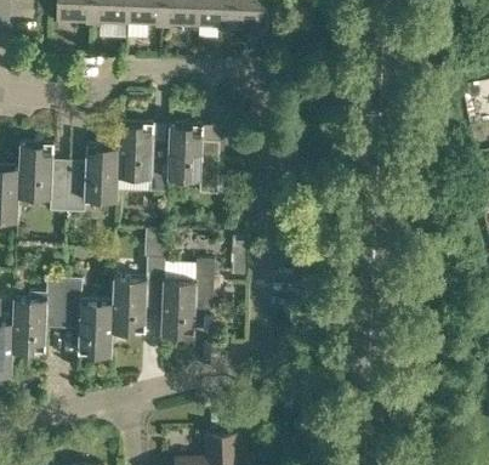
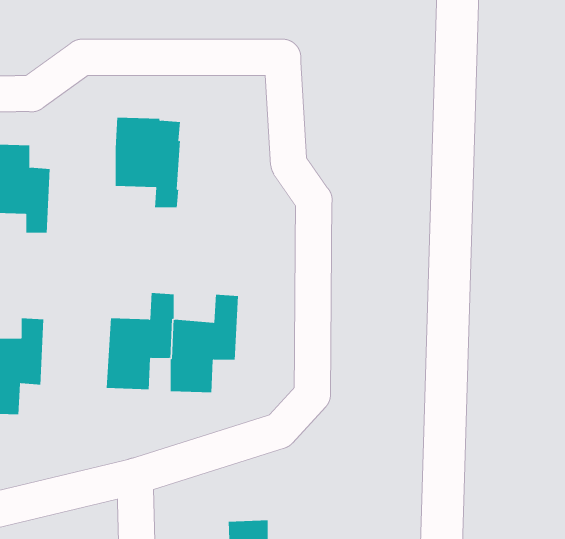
building: [166,124,217,193] -> none
building: [66,144,118,212] -> none
building: [61,277,114,356] -> none

